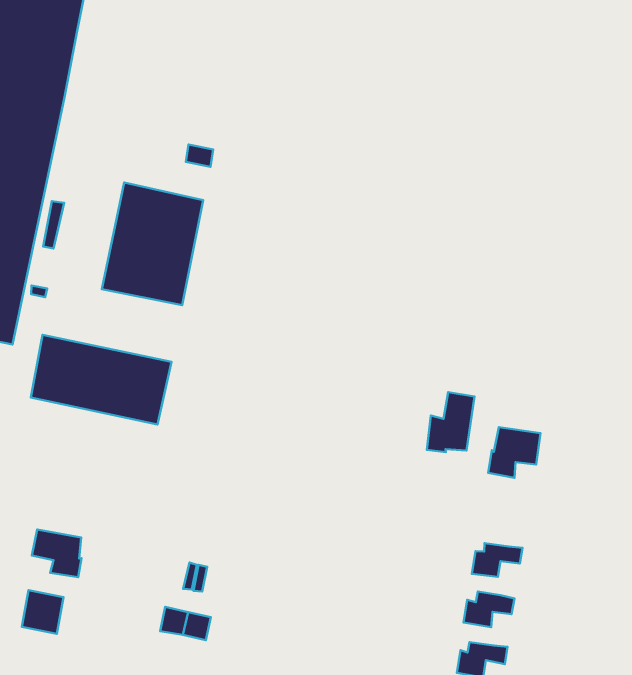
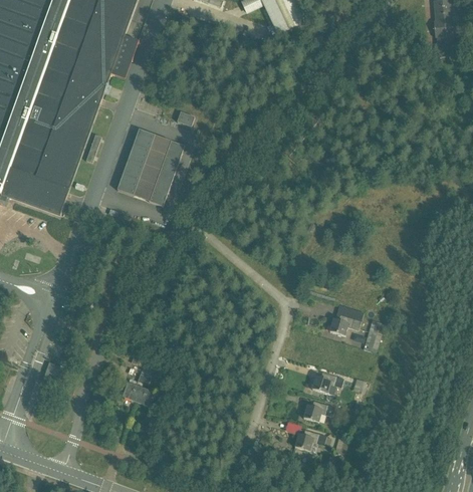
building: [31,335,172,425] -> none
building: [427,392,474,452] -> none
building: [32,529,81,577] -> none

